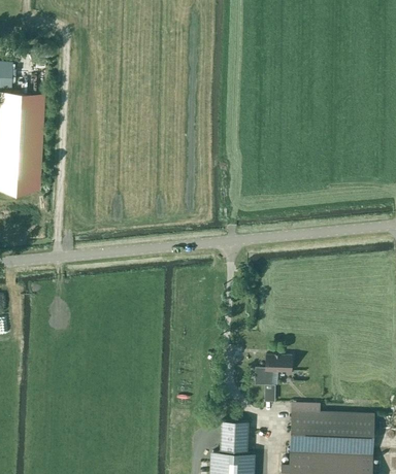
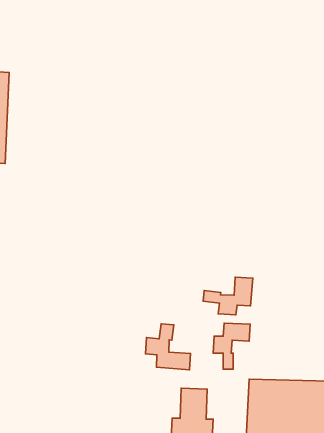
building: none -> [203,277,253,315]
building: none -> [146,324,190,370]

